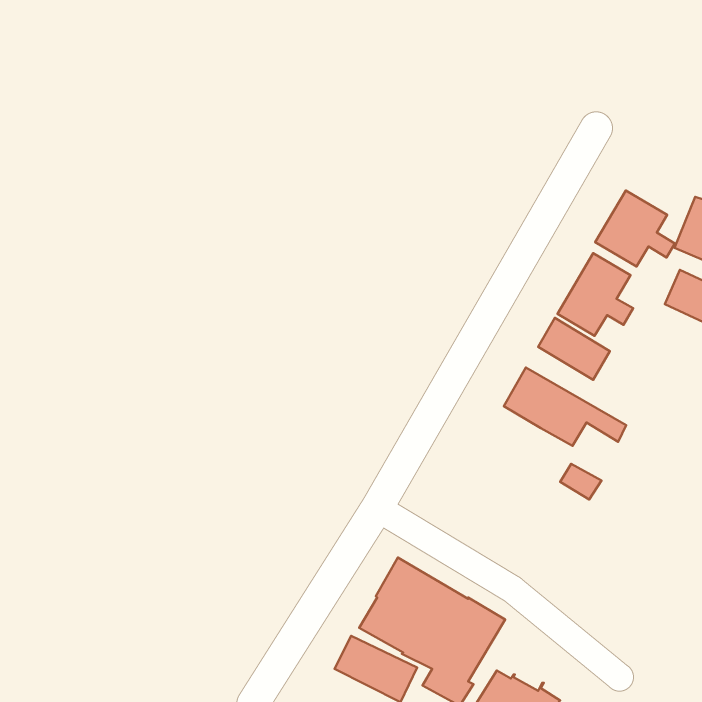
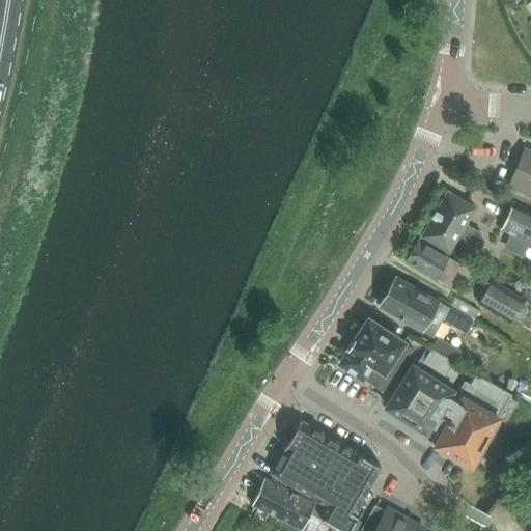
building: [595,191,675,267] -> none
building: none -> [478,282,523,322]
building: none -> [341,319,412,392]
building: none -> [386,366,512,468]

